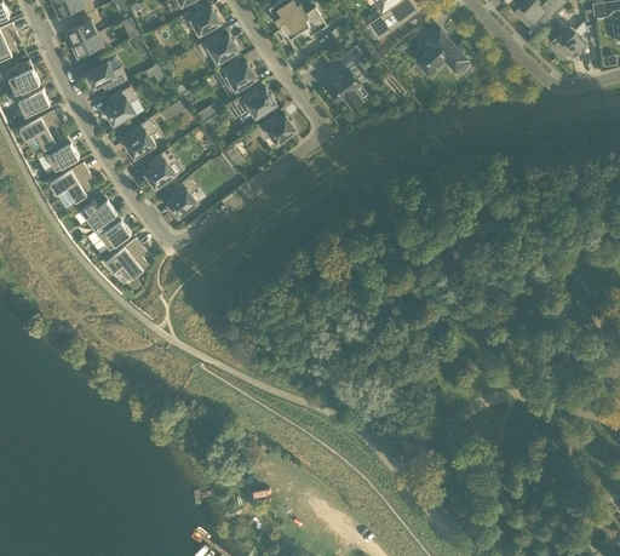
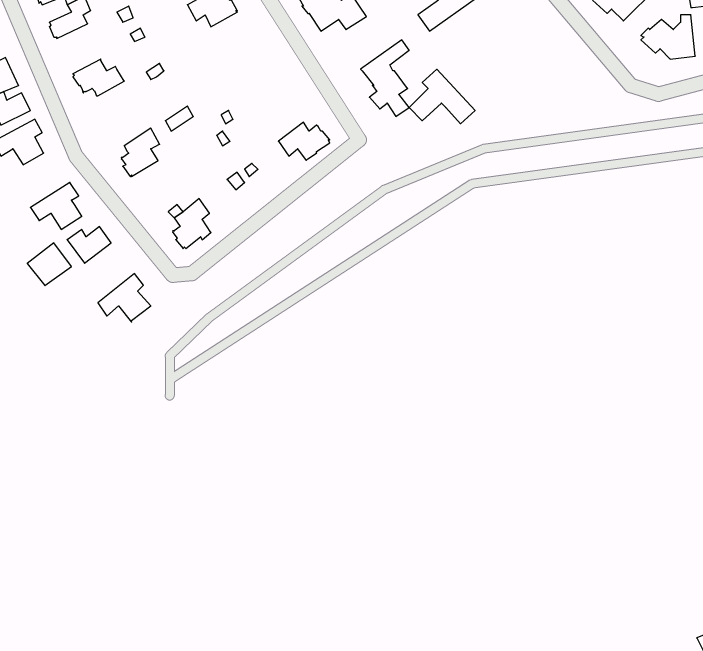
building: [70,29,113,56] -> none
building: [417,29,471,74] -> [409,69,475,124]
building: [196,31,239,62] -> none
building: [216,59,257,90] -> none
building: [104,86,137,125] -> none
building: [226,86,276,117] -> none
building: [44,134,79,170] -> none
building: [145,148,177,188] -> none
building: [94,212,131,247] -> [27,243,71,286]

